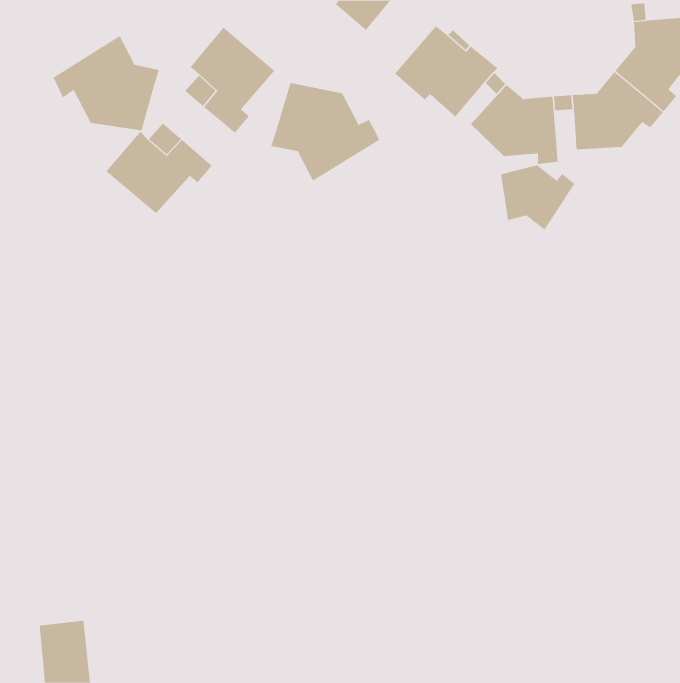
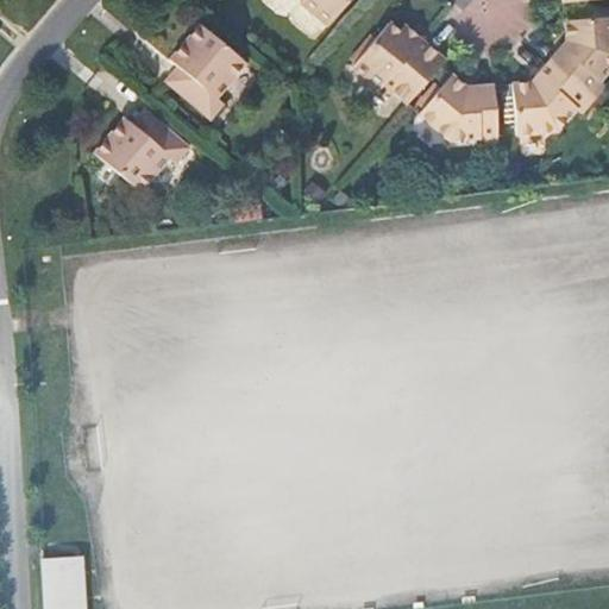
building: [53,35,159,131] -> none
building: [271,82,380,181] -> none
building: [501,164,575,231] -> none

